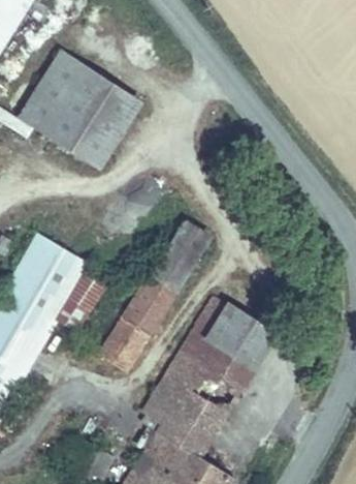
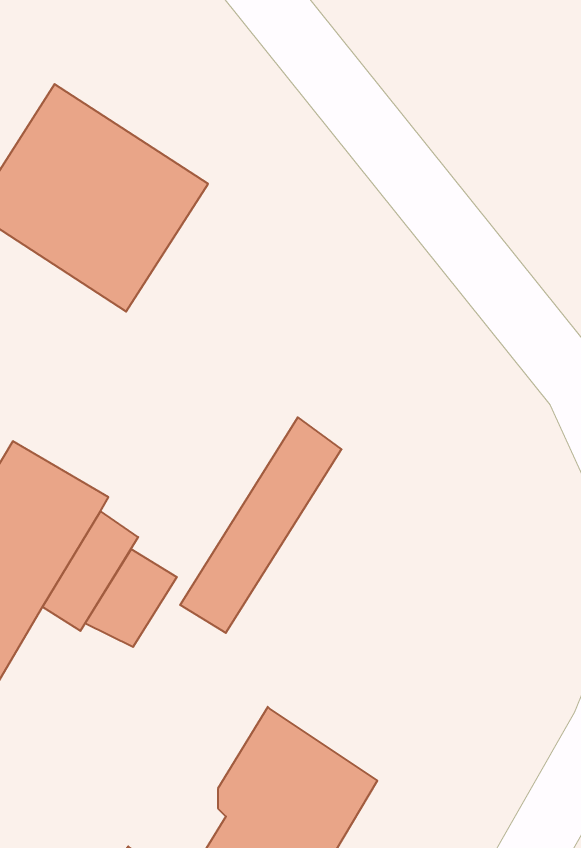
building: [170,296,268,410] -> none
building: [101,319,149,369] -> [85,549,177,647]

